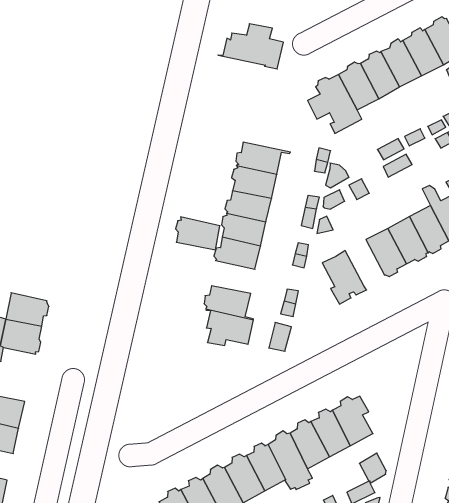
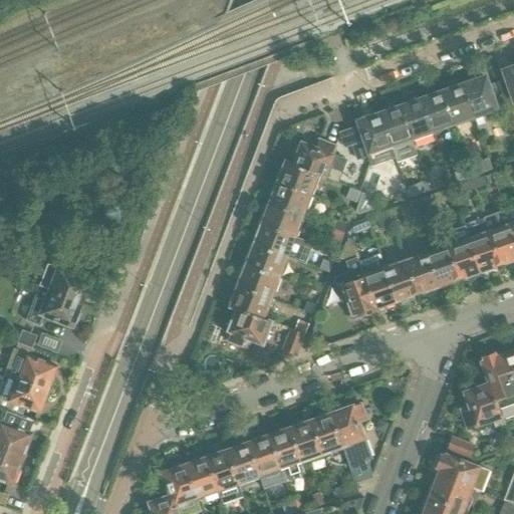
building: [218,24,283,69] -> [286,138,346,182]
building: [176,217,220,250] -> [239,264,280,298]
building: none -> [359,254,396,306]

